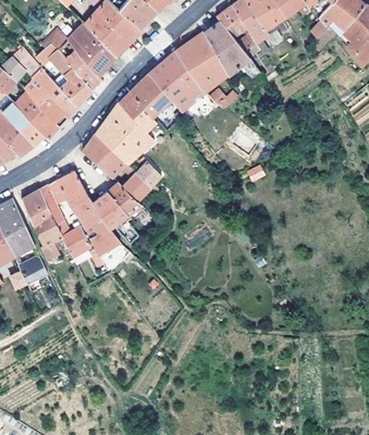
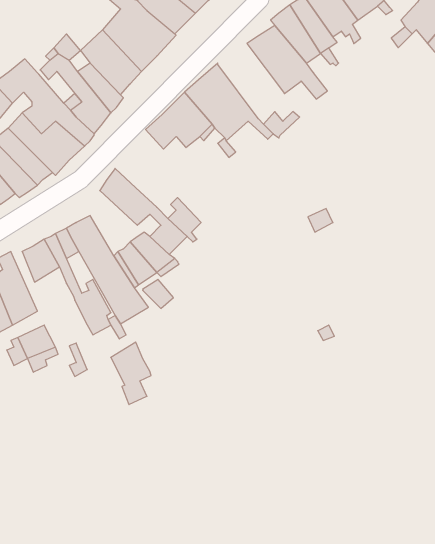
building: [175,35,227,94] -> none
building: [95,102,157,163] -> none
building: [32,210,63,259] -> [111,342,151,405]

